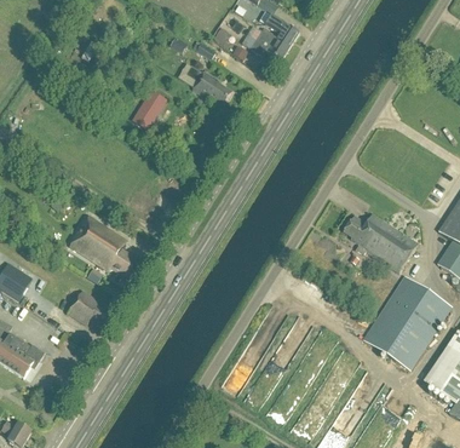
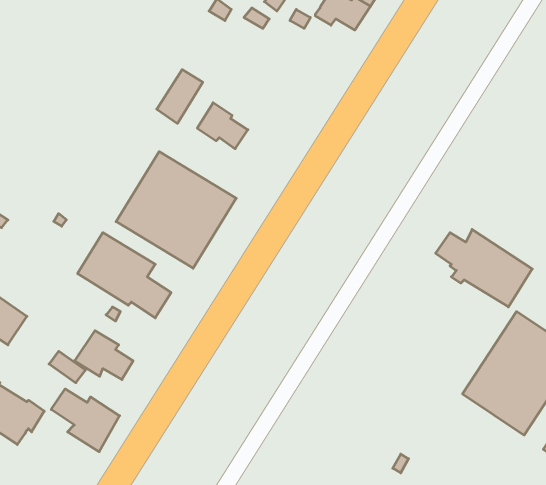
building: [192,70,231,105] -> [197,103,248,149]
building: none -> [116,152,236,268]
building: none -> [51,389,120,452]

